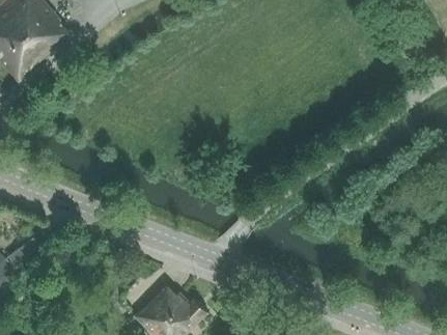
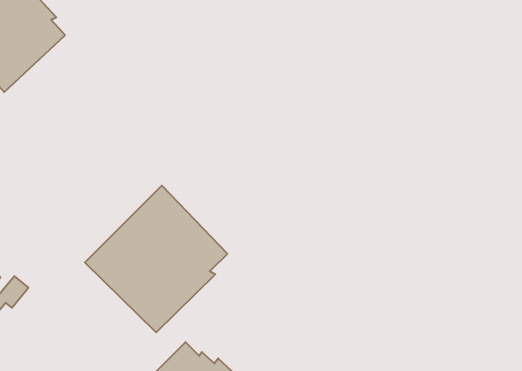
building: none -> [85,186,227,332]

